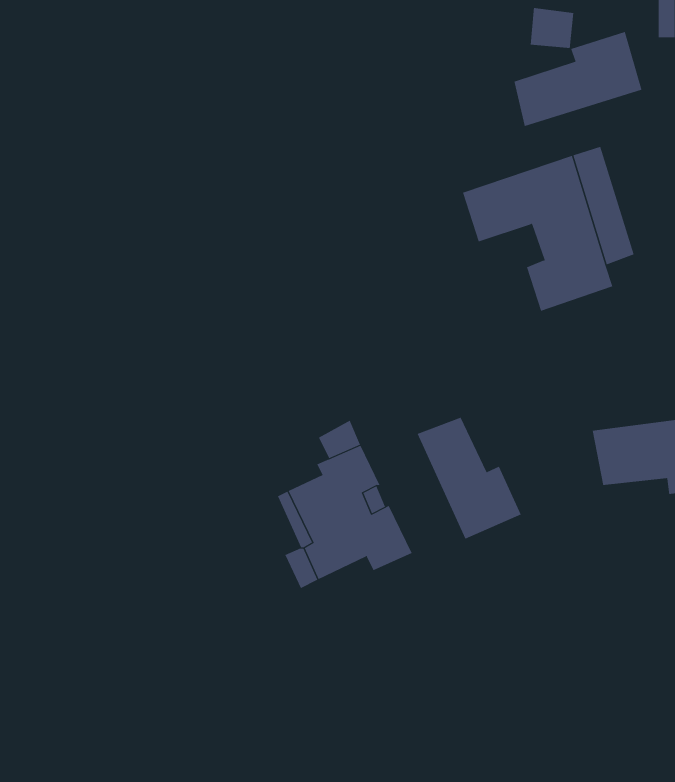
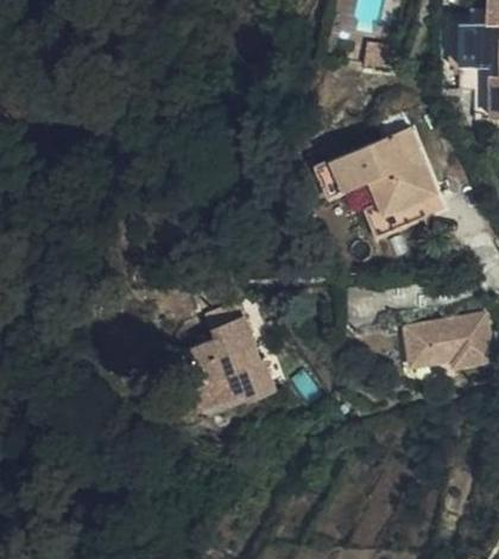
building: [514,31,642,127] -> none
building: [417,417,522,539] -> none

